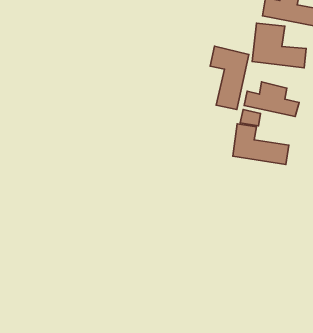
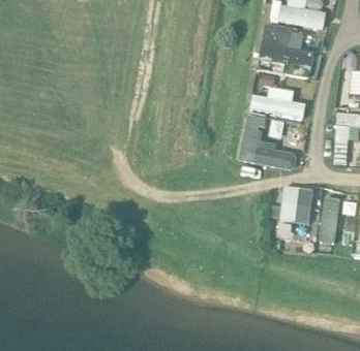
building: [210,46,249,109] -> none
building: none -> [281,187,312,224]

